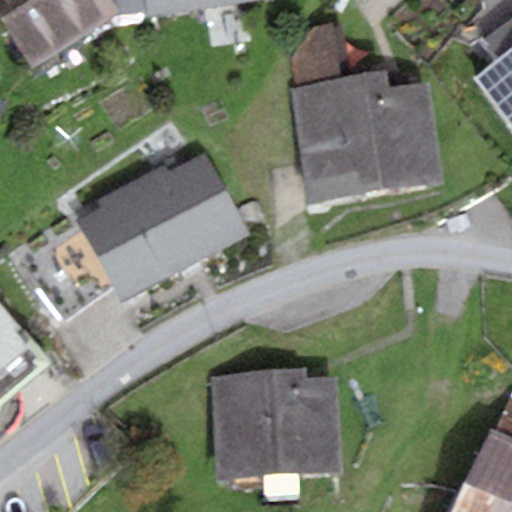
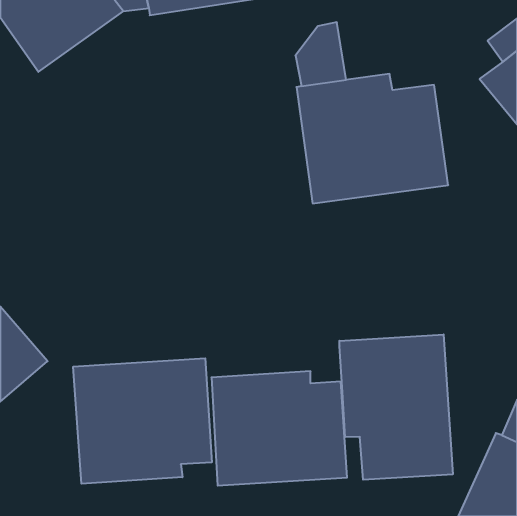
building: [78,151,252,300] -> none
building: none -> [339,334,453,480]
building: none -> [73,358,212,484]

